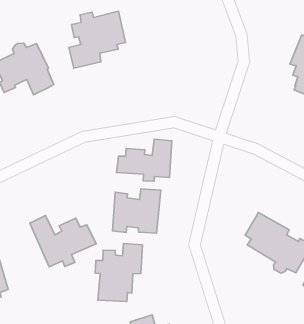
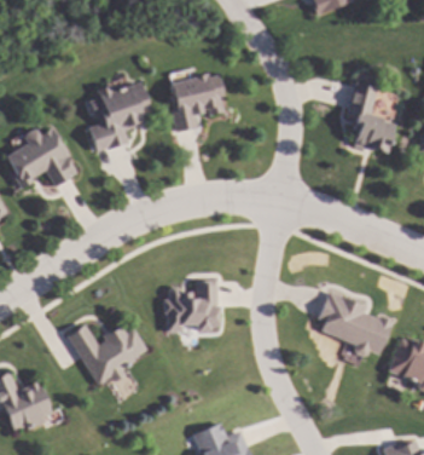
building: none -> [170,74,226,132]
building: [117,139,172,181] -> none
building: [95,243,143,302] -> none

